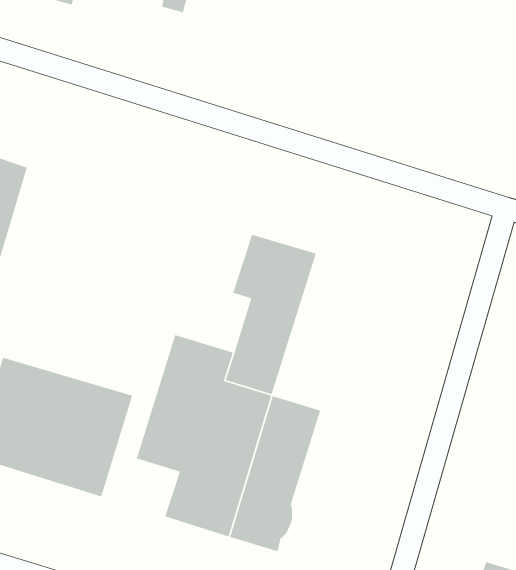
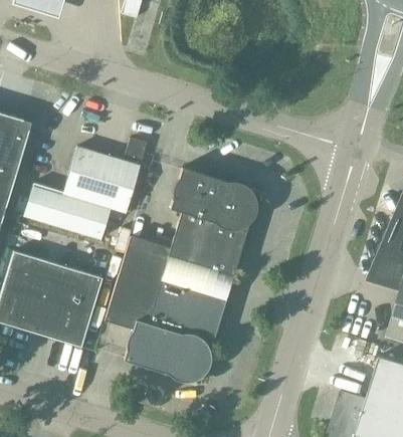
building: none -> [23,138,146,239]
building: none -> [196,181,258,287]

